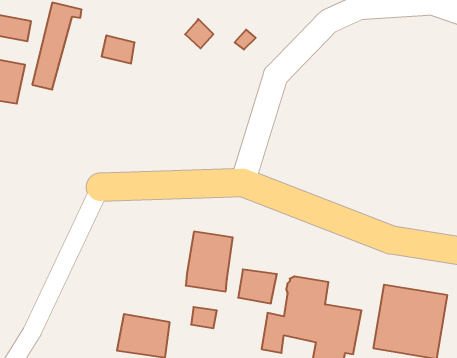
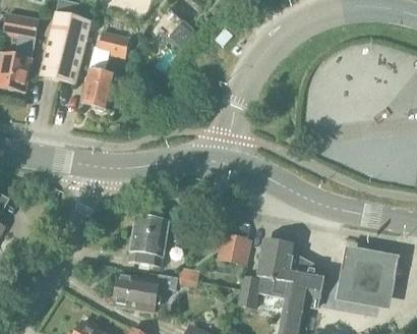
building: none -> [56,16,92,85]
building: none -> [80,68,116,112]
building: [186,232,233,291] -> [127,215,168,267]

